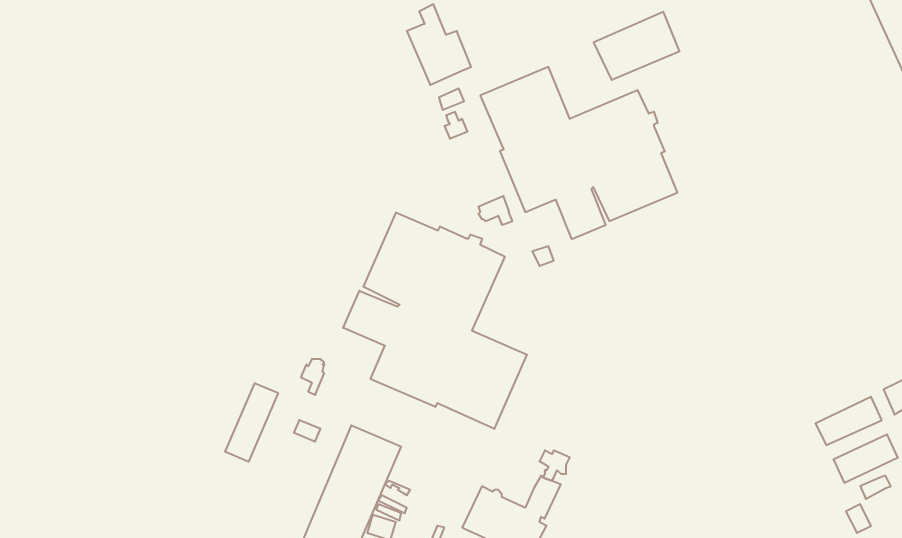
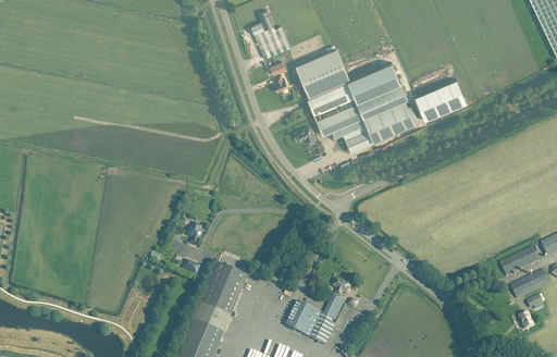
building: [594,12,680,80] -> [413,76,466,118]
building: [343,212,527,429] -> none
building: [225,383,278,462] -> none

